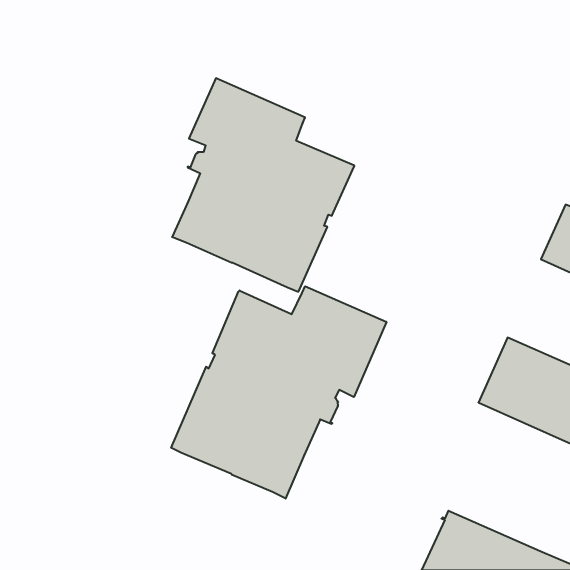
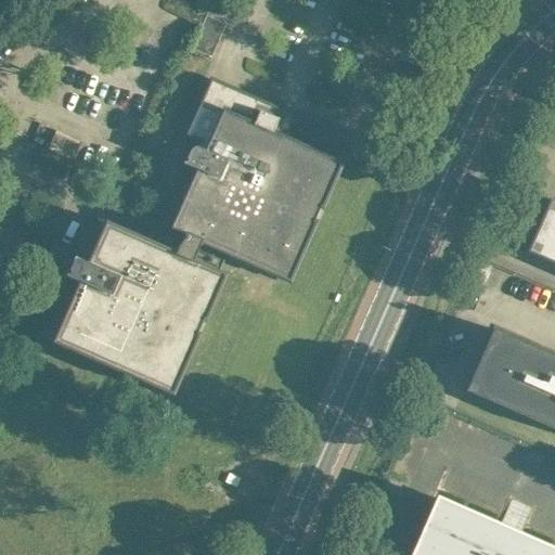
building: none -> [51,220,227,397]
building: [171,286,386,499] -> none

